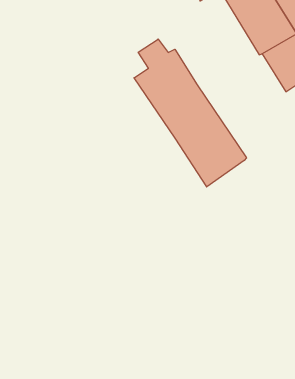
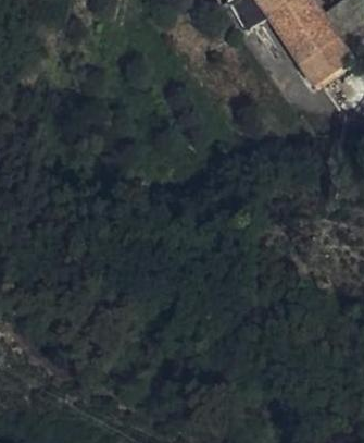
building: [134,39,246,187] -> none

